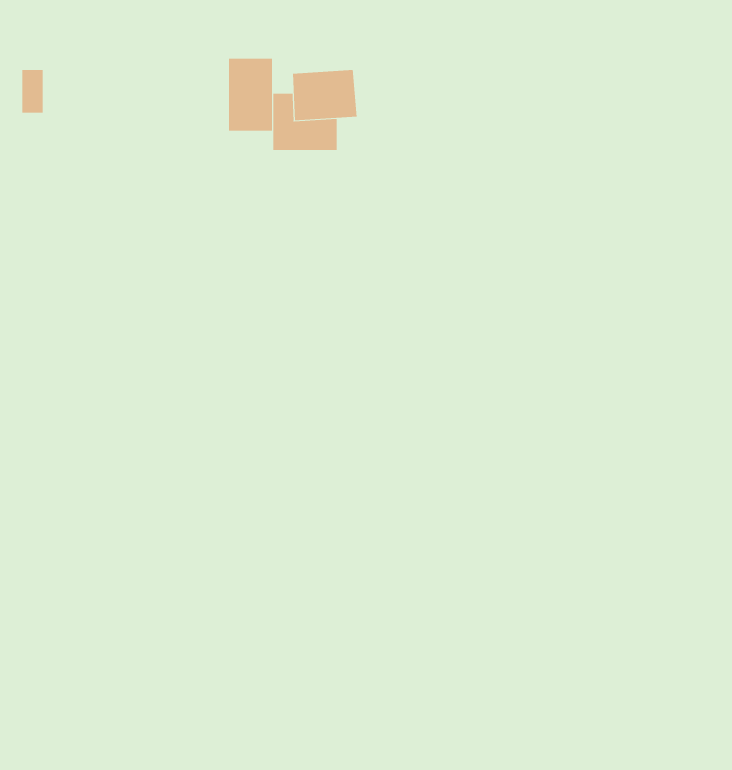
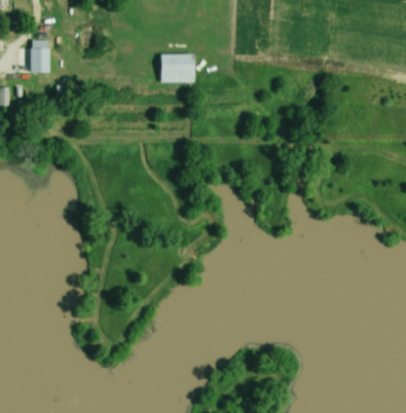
building: [229,58,272,131] -> none

